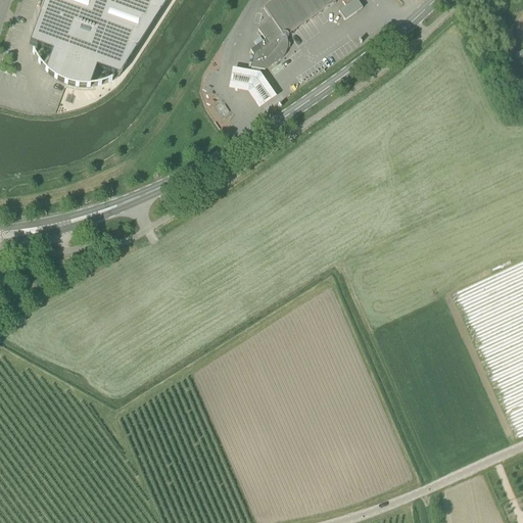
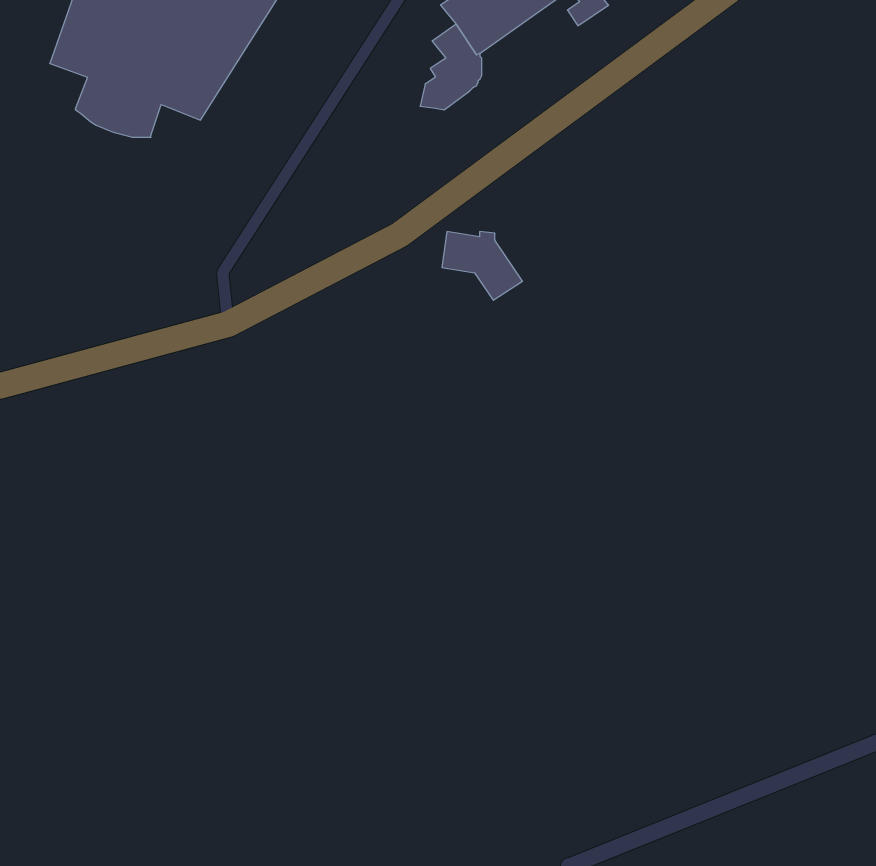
building: [228,63,276,104] -> [442,232,522,300]

